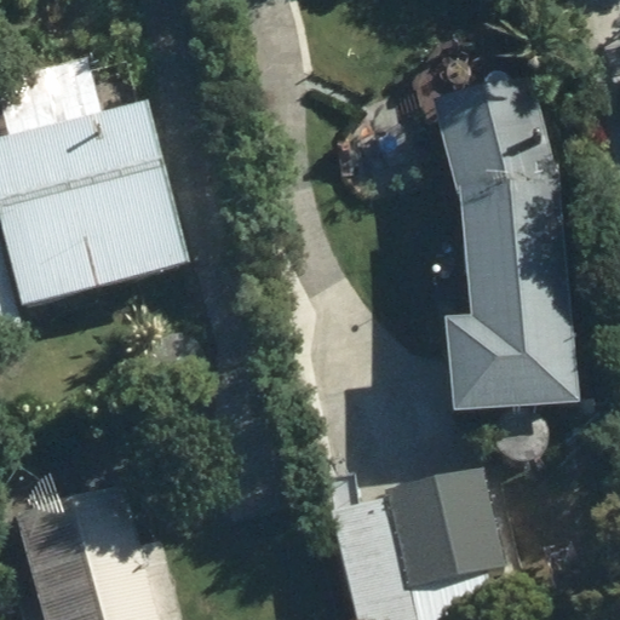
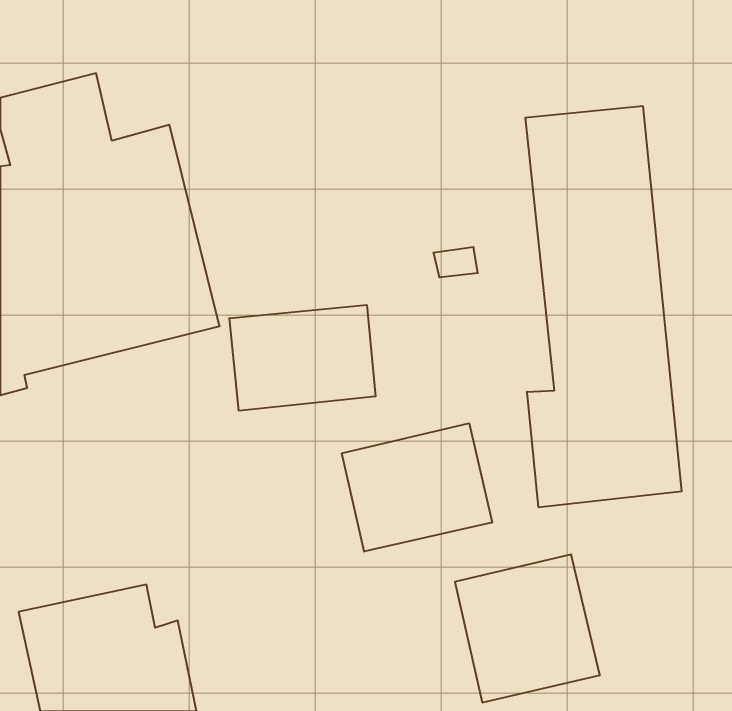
building: none -> [229,305,376,411]
building: none -> [342,423,492,552]

